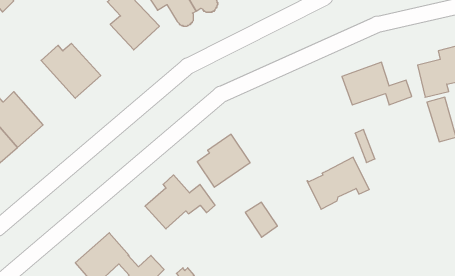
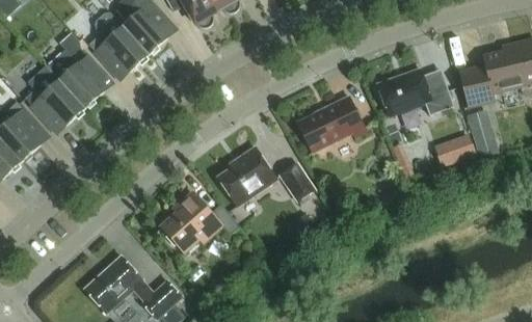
building: none -> [88,11,149,80]
building: none -> [25,65,84,133]
building: none -> [437,130,481,165]
building: [307,157,369,209] -> [297,96,366,153]
building: [245,202,277,237] -> [281,164,316,203]

